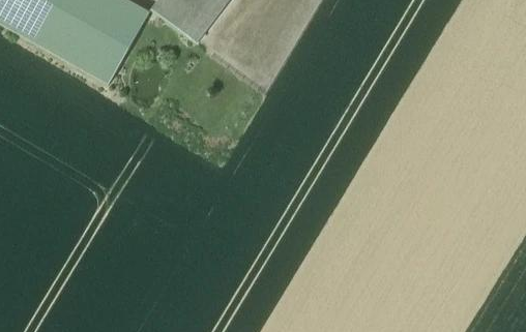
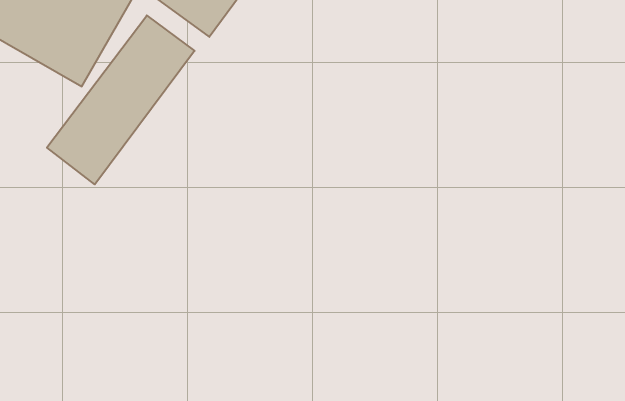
building: none -> [47,15,195,184]

